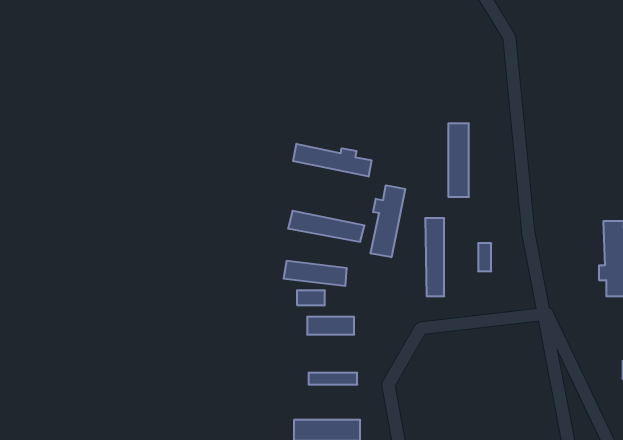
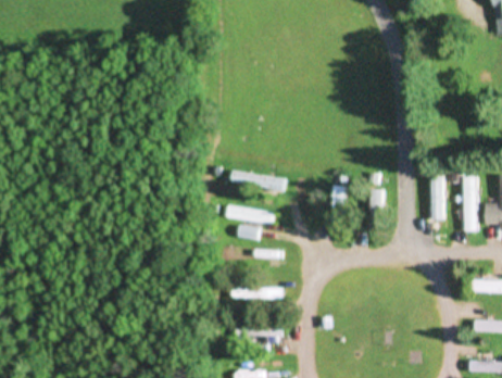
building: [448,123,469,197] -> [430,176,445,230]
building: [293,144,372,177] -> none
building: [370,185,405,257] -> none

